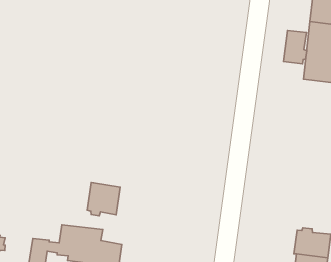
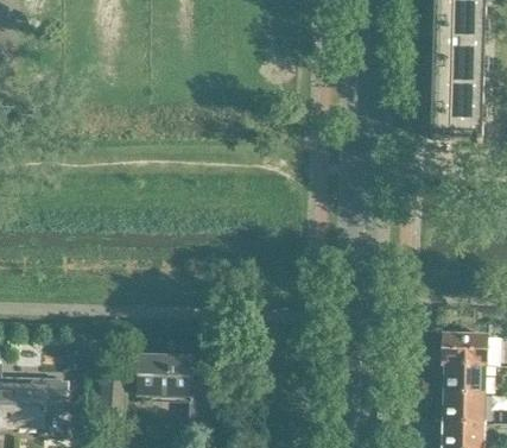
building: [284,30,307,64] -> none
building: [87,182,120,216] -> none

